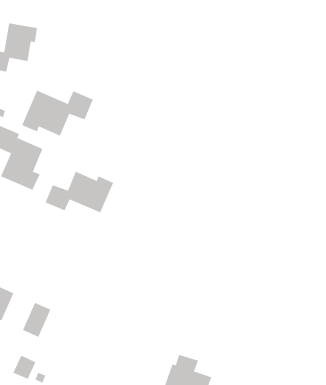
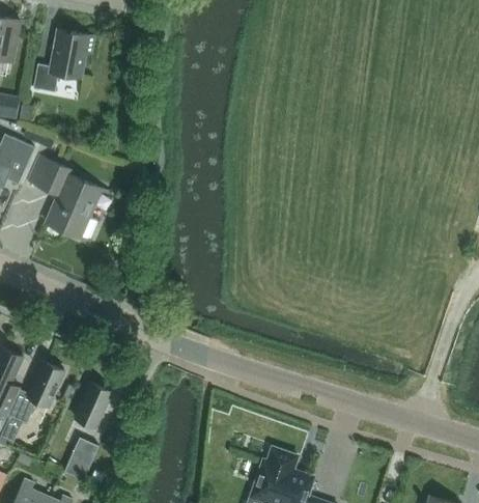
building: [21,90,94,136] -> none
building: [45,171,114,213] -> none

